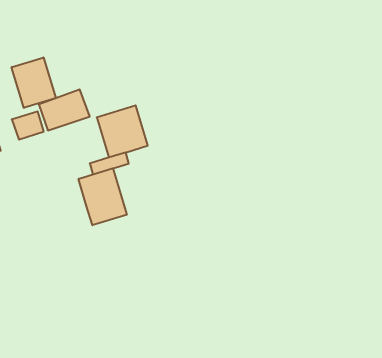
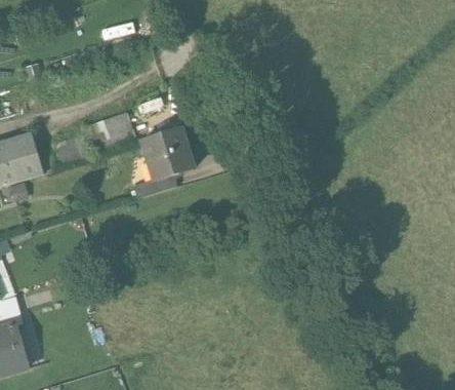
building: [12,57,56,108] -> none
building: [79,168,127,225] -> none

